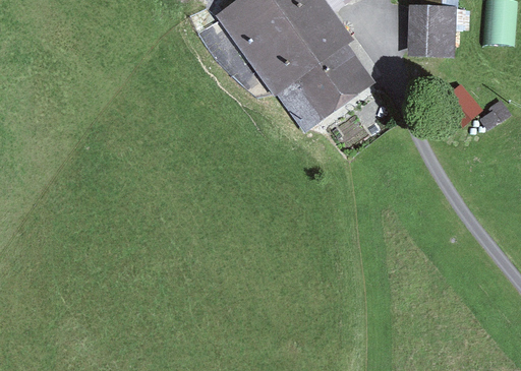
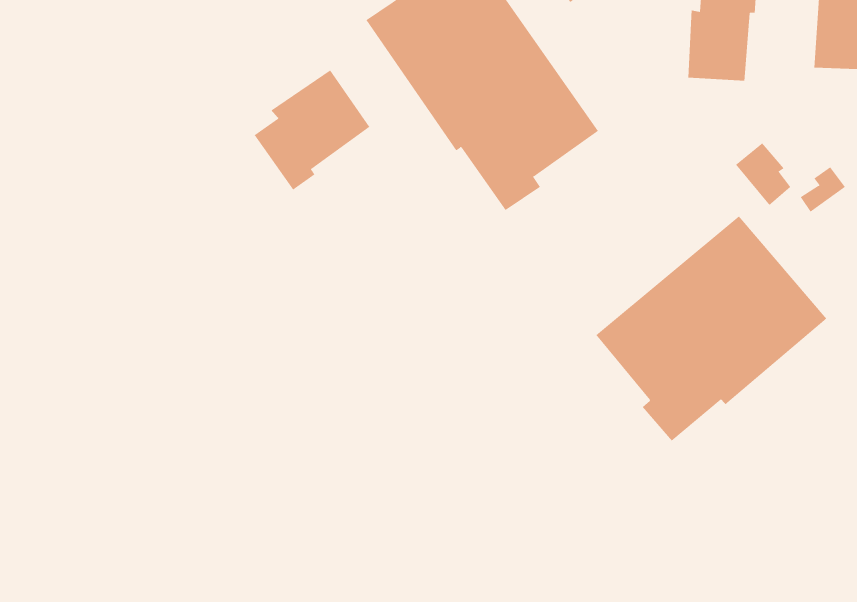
building: none -> [254,70,370,191]
building: none -> [596,215,827,442]

